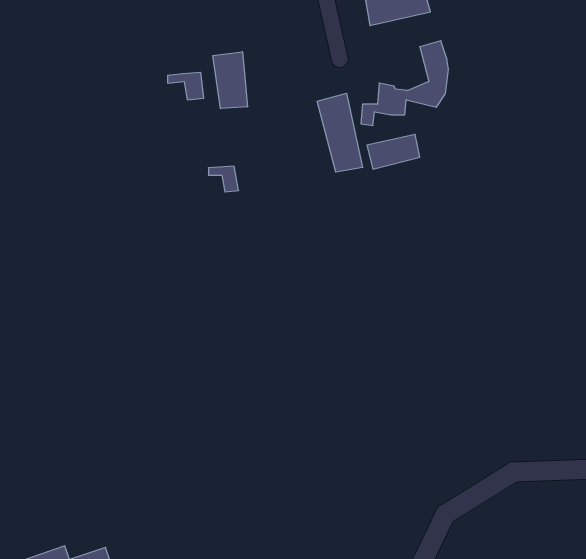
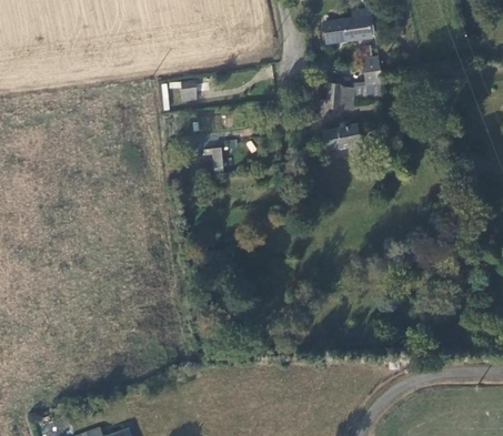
building: [213,52,247,109] -> none
building: [317,93,363,172] -> none

